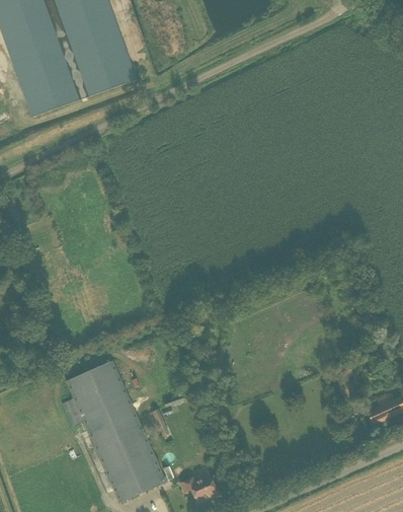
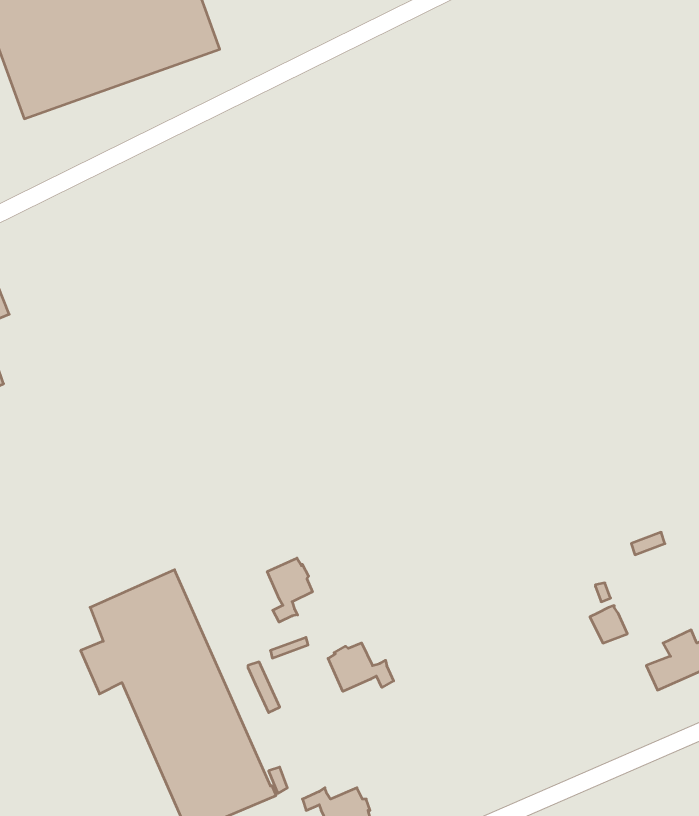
building: none -> [267,558,312,622]
building: none -> [328,643,394,691]

